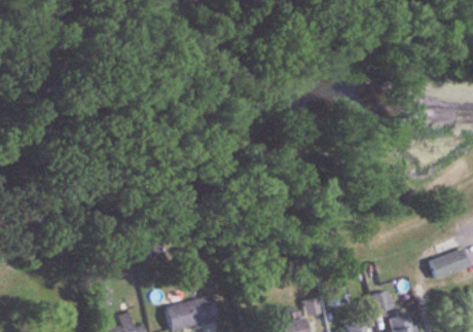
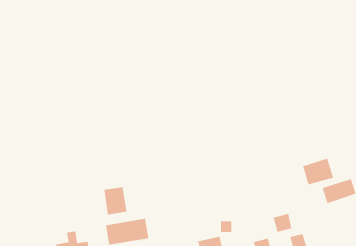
building: none -> [302,158,334,185]
building: none -> [104,186,127,215]

